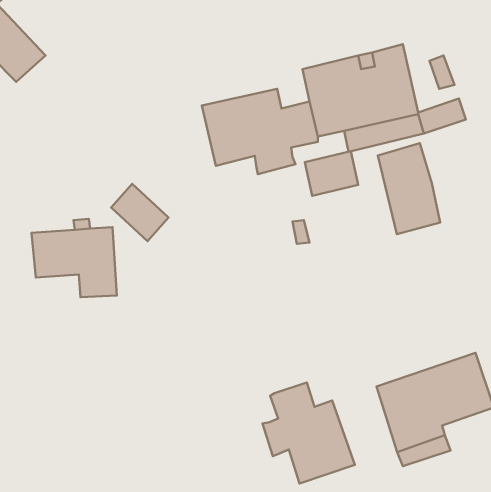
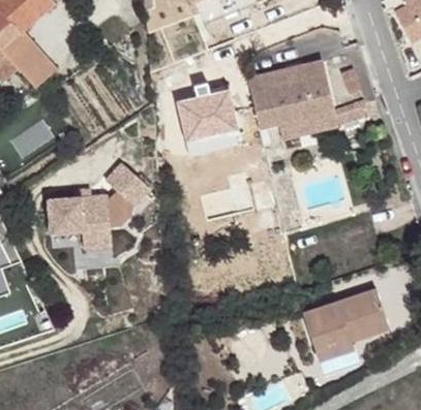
building: [378,143,440,234] -> none
building: [305,151,358,196] -> none
building: [263,382,355,484] -> none

